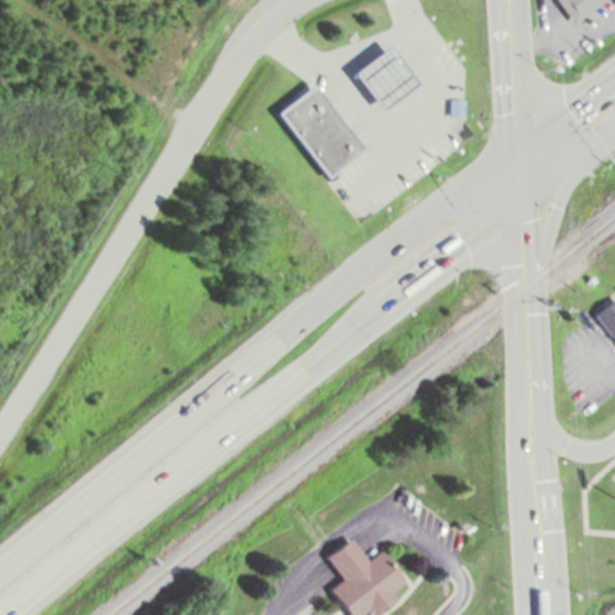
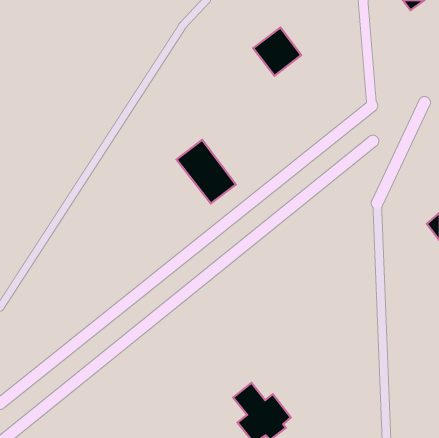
building: [279,86,362,175] -> [176,140,236,203]

